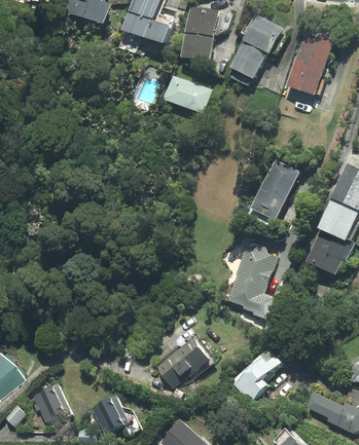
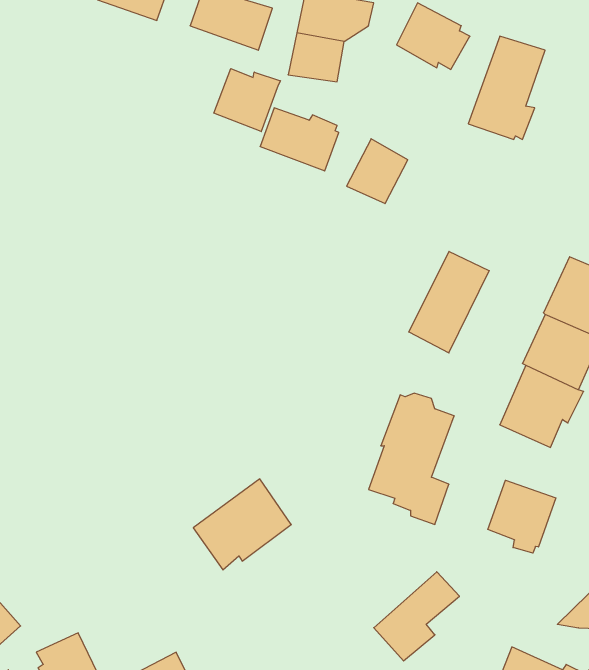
building: [229,39,265,77] -> [347,139,408,204]
building: none -> [214,69,280,132]
building: none -> [488,480,556,553]
building: [155,335,213,388] -> [193,479,291,570]

